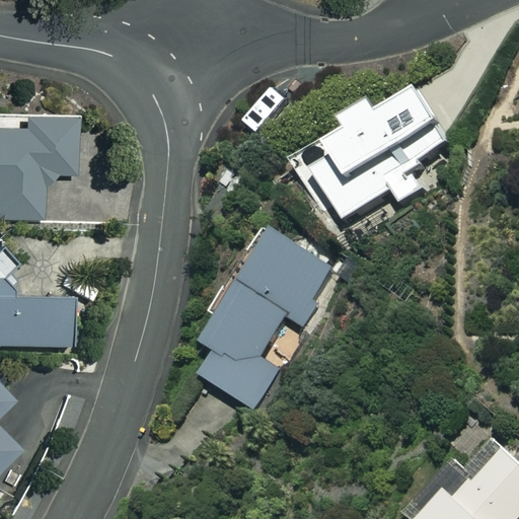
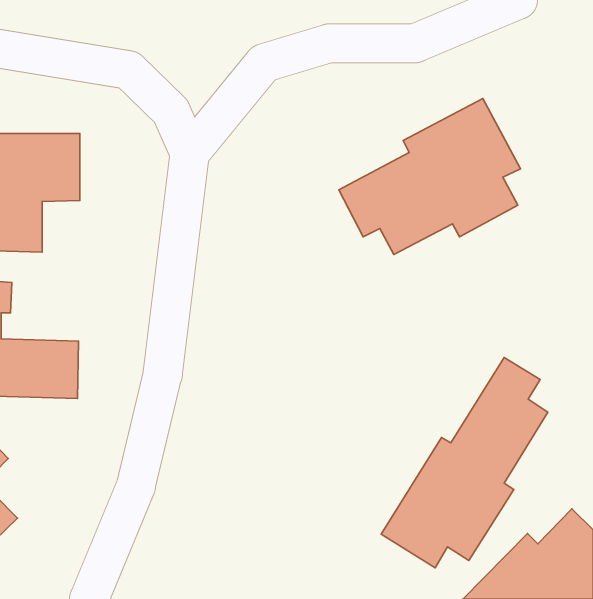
building: [200,232,333,412] -> none
building: none -> [381,357,548,568]

